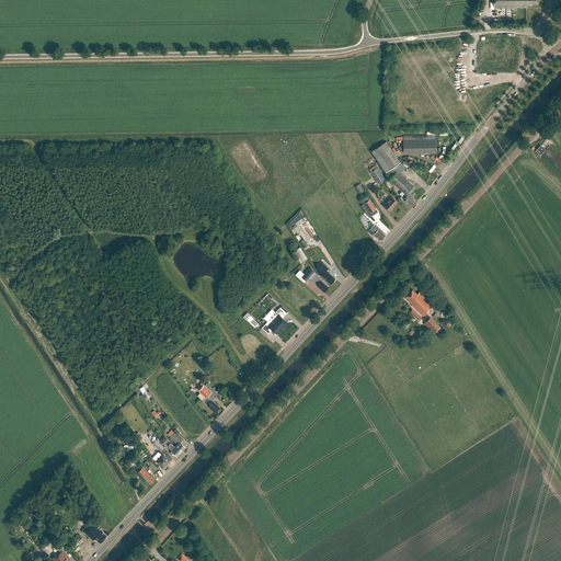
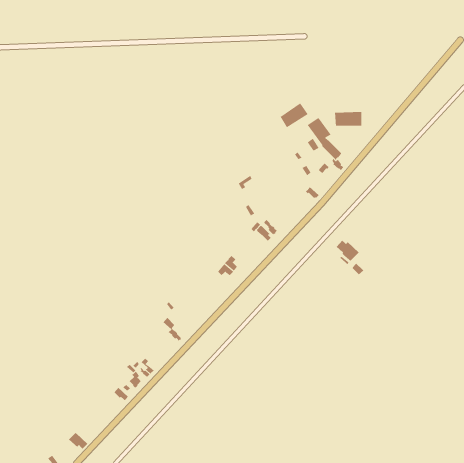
building: none -> [280,102,308,128]

